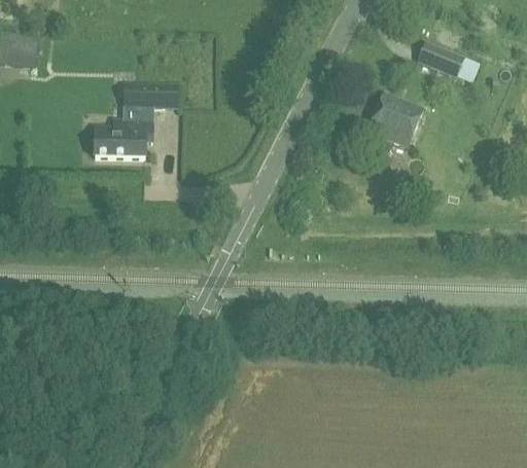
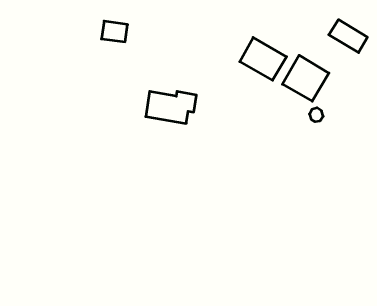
building: none -> [240,37,287,80]
building: [94,119,152,157] -> [146,91,196,123]

